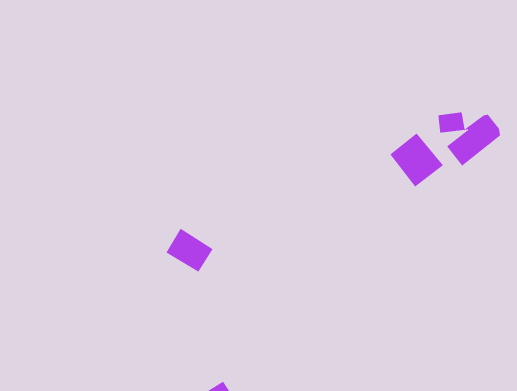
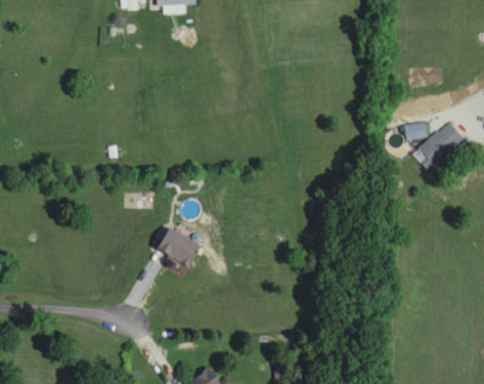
building: [389,133,444,187] -> none

